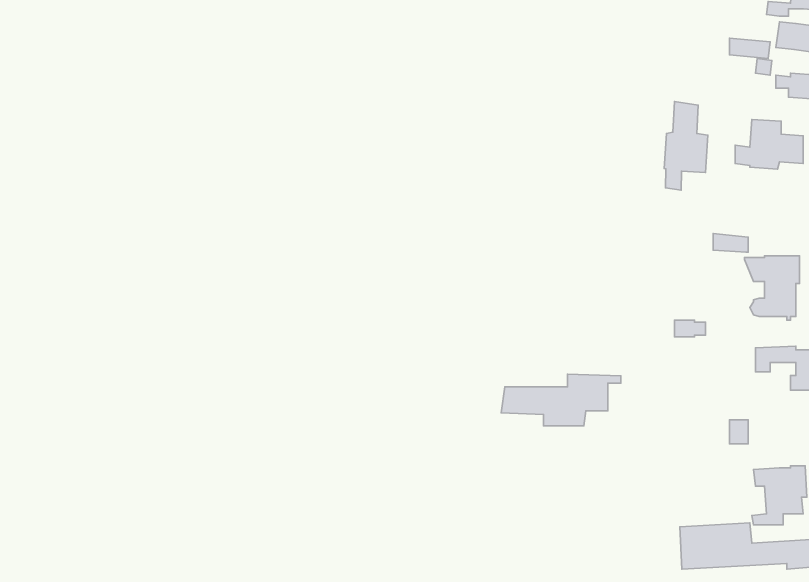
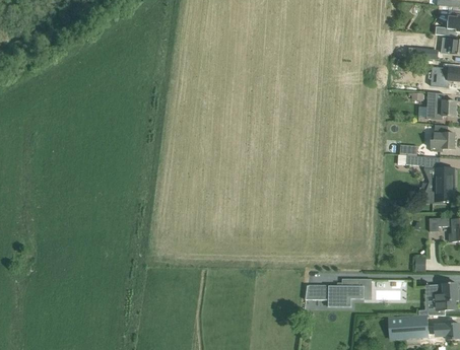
building: [664,102,708,190] -> none
building: none -> [430,124,454,150]
building: [501,374,621,426] -> [304,277,370,305]

